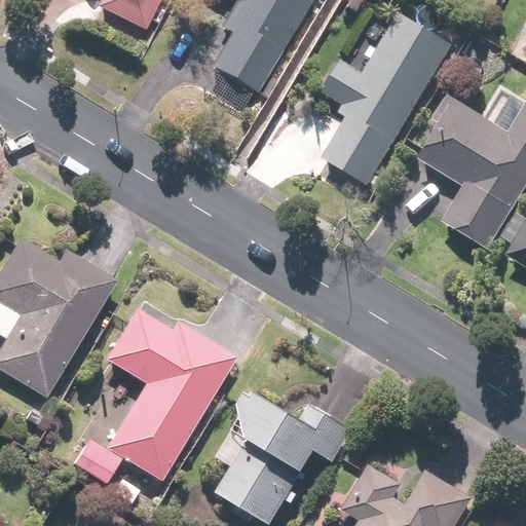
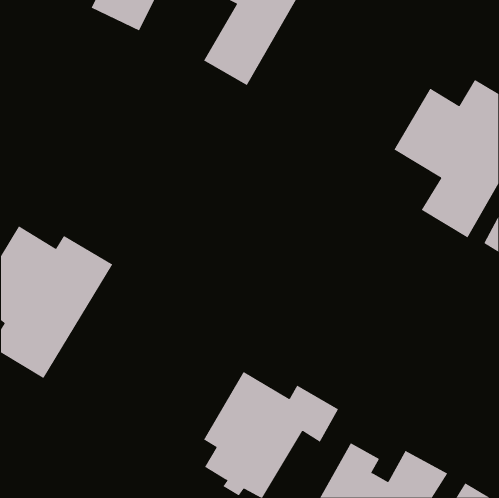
building: [320,13,455,188] -> none
building: [76,308,234,482] -> none

